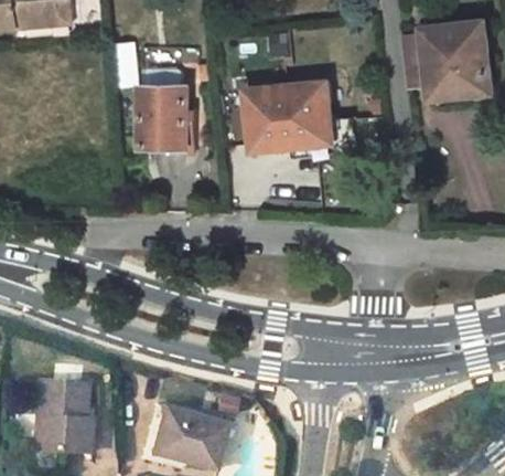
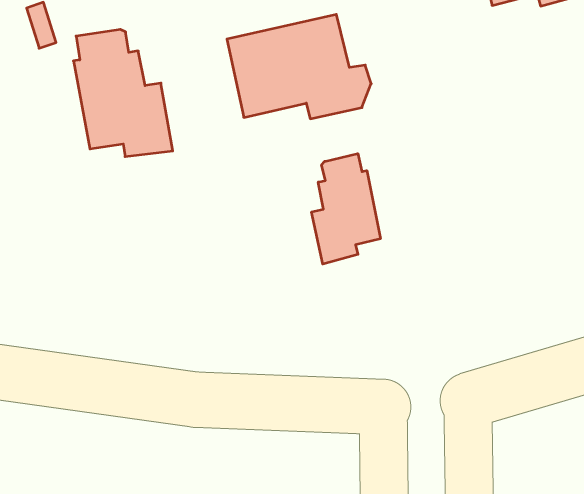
building: none -> [312,154,380,264]

